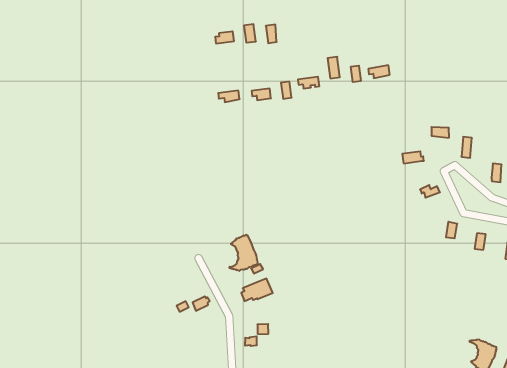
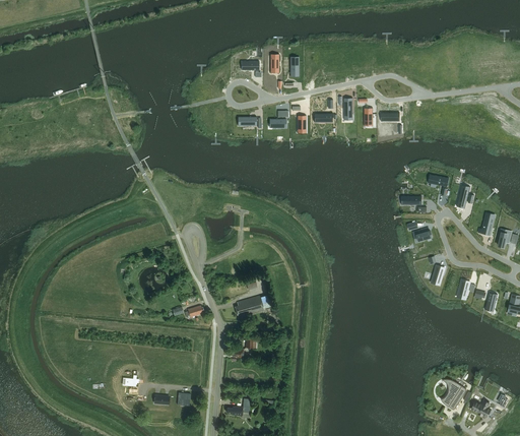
building: [229,235,258,271] -> none

